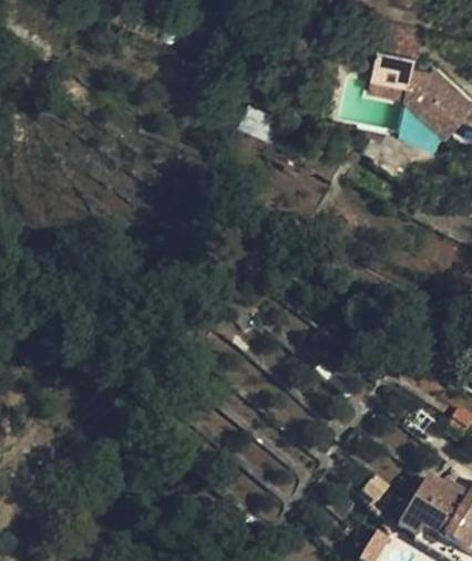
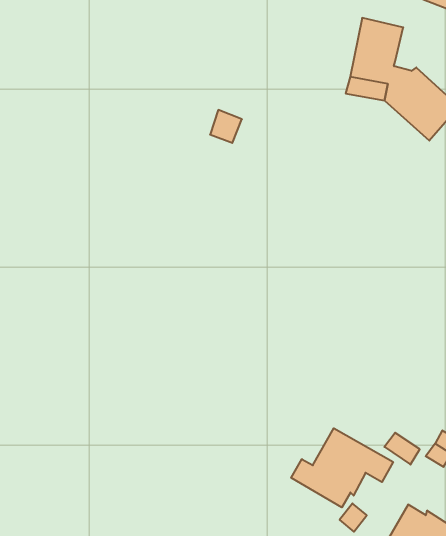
building: none -> [291,428,393,507]

